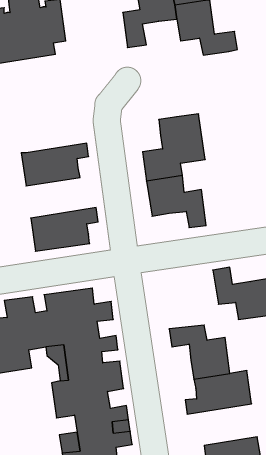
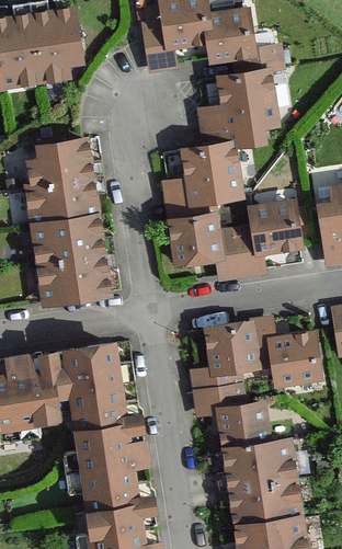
building: none -> [202,71,275,147]
building: none -> [30,141,103,188]
building: none -> [236,203,299,273]
building: none -> [33,217,114,264]
building: none -> [196,324,255,392]
building: none -> [219,479,300,527]

